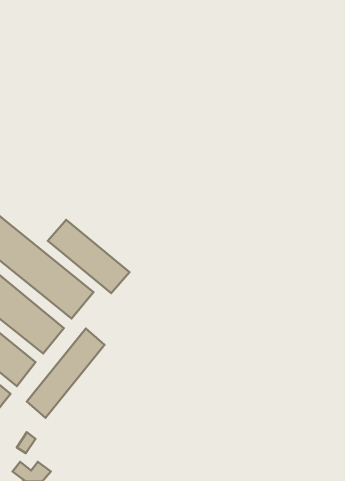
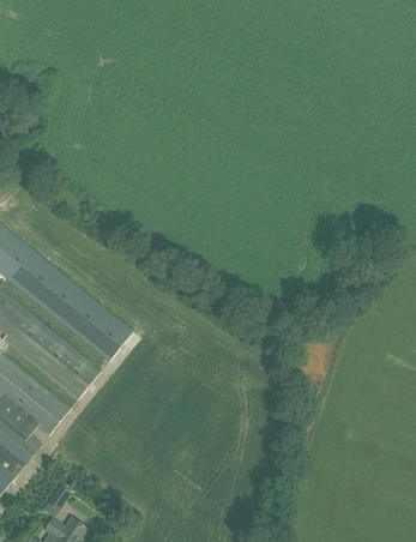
building: [48,220,129,293] -> none
building: [27,329,105,418] -> none

